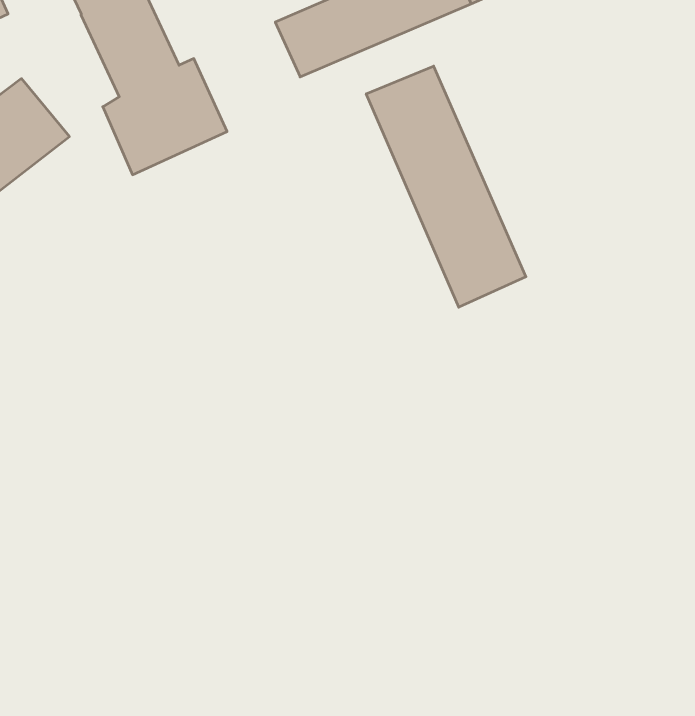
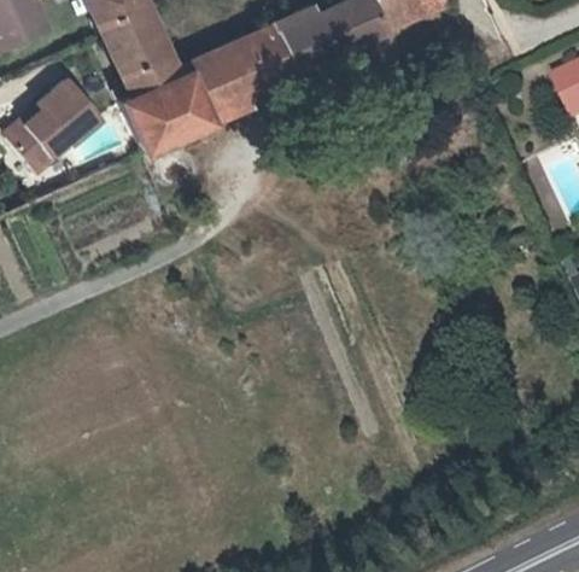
building: none -> [187,39,264,118]
building: [366,66,526,307] -> none

